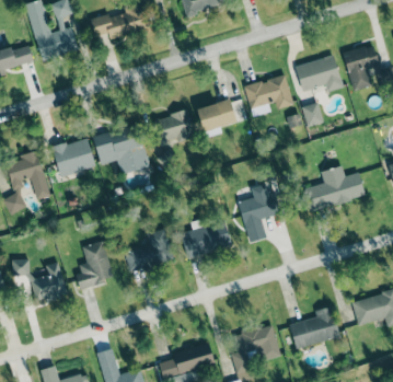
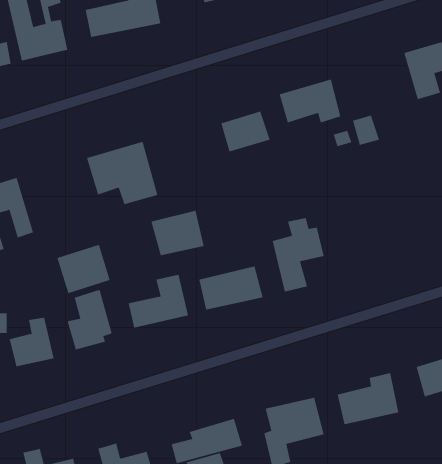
building: [296,56,343,92] -> none
building: [152,111,195,147] -> [151,210,205,256]
building: [53,138,95,177] -> [57,244,111,294]
building: [304,166,366,211] -> none

